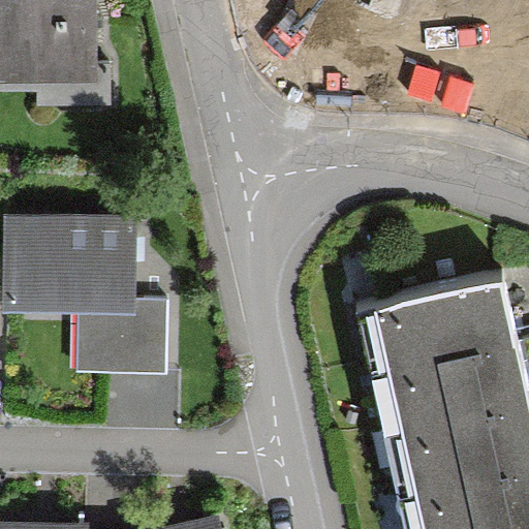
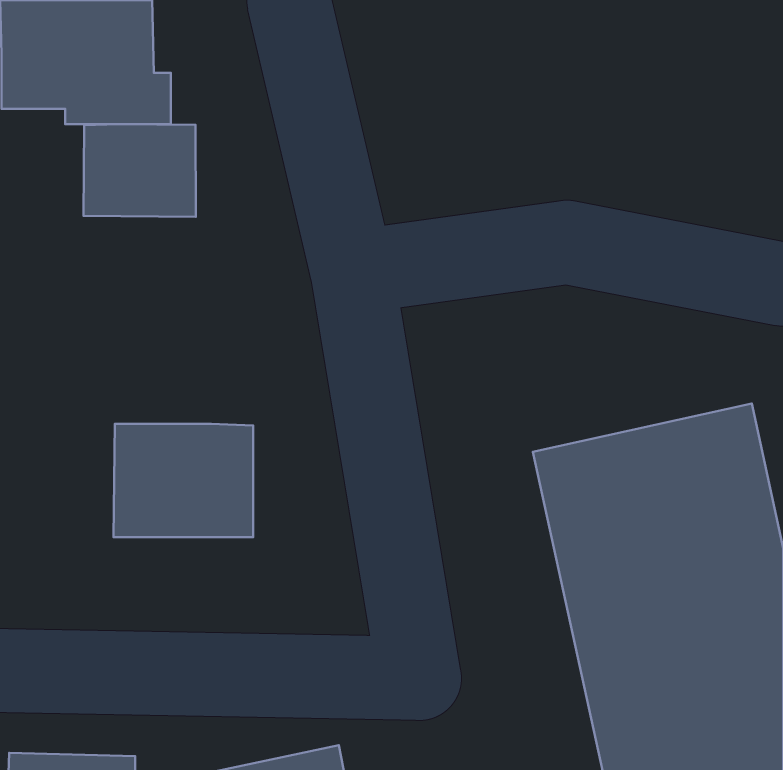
building: none -> [84,124,196,217]
building: [12,213,142,298] -> none

